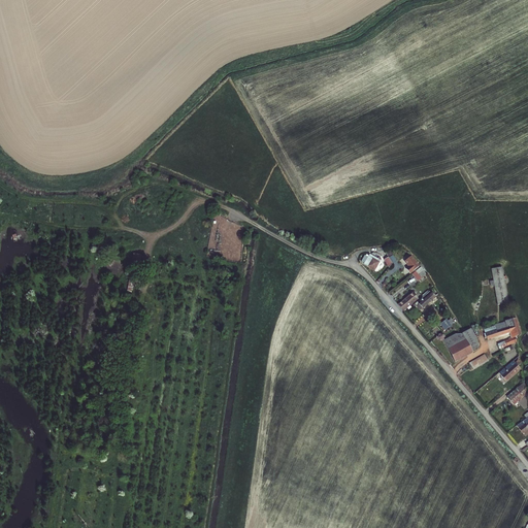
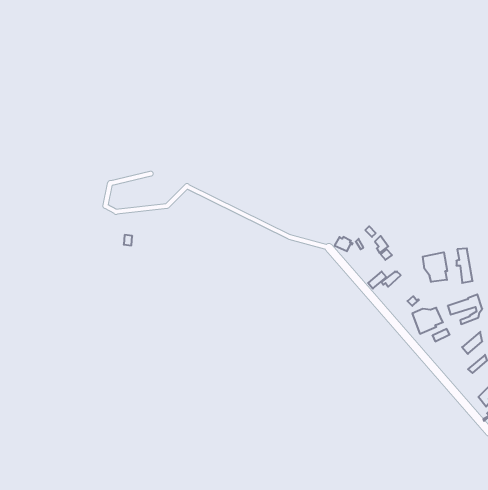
building: none -> [423,252,447,282]

